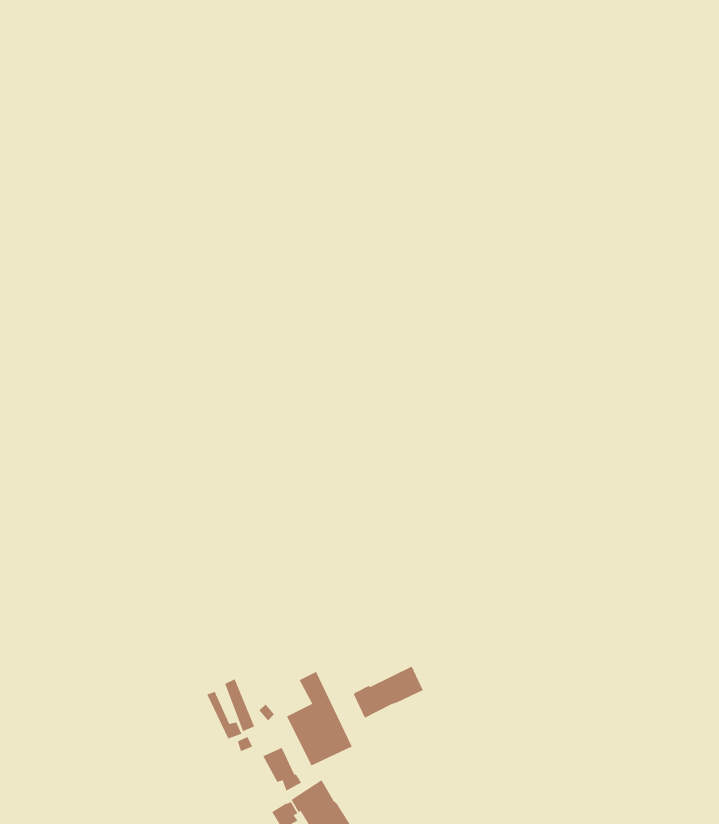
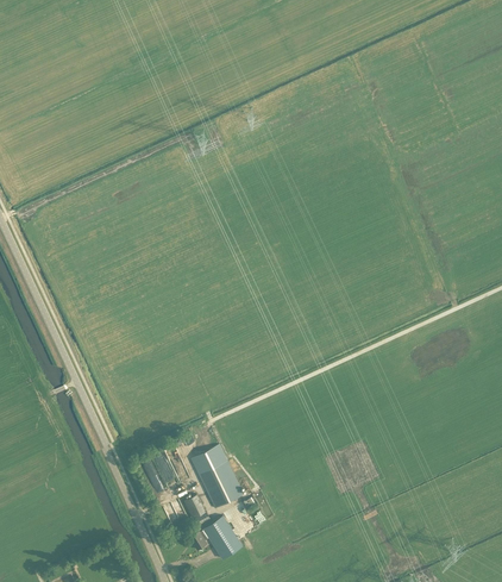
building: [353,666,424,719] -> none

